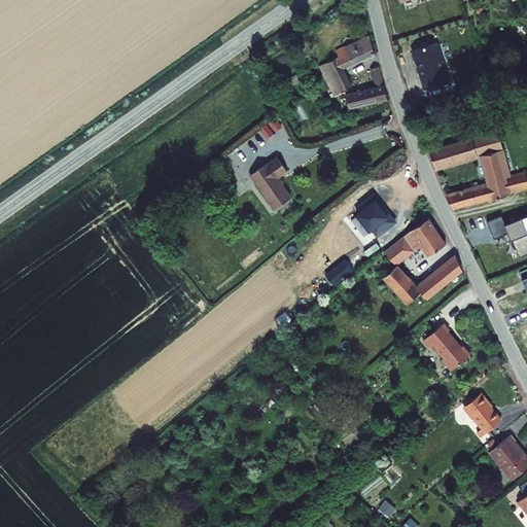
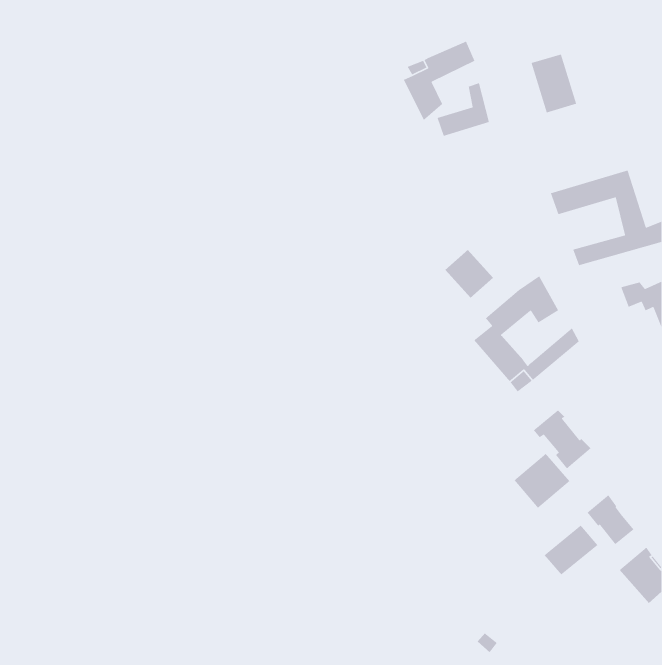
building: [248,153,292,206] -> none
building: none -> [513,453,570,509]
building: none -> [544,524,598,576]

